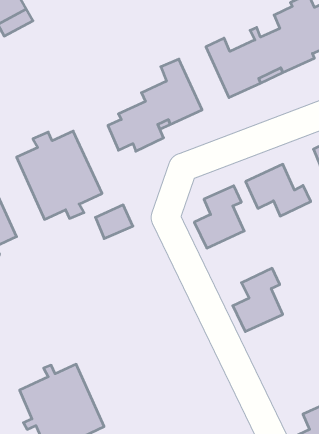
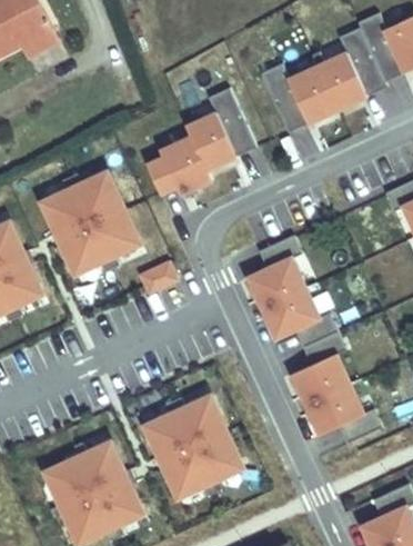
building: [246,164,311,216] -> [261,287,336,347]
building: none -> [305,384,381,443]
building: none -> [143,395,242,497]

